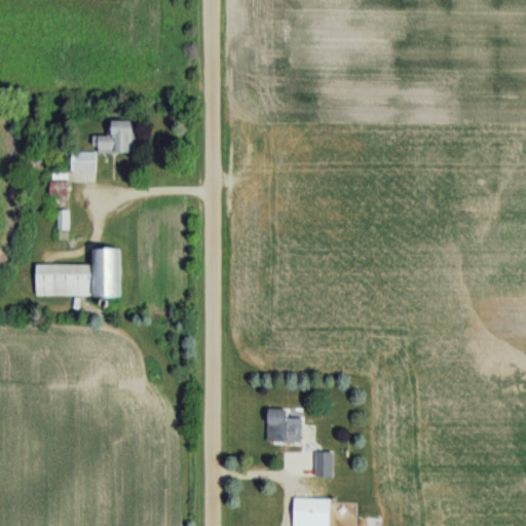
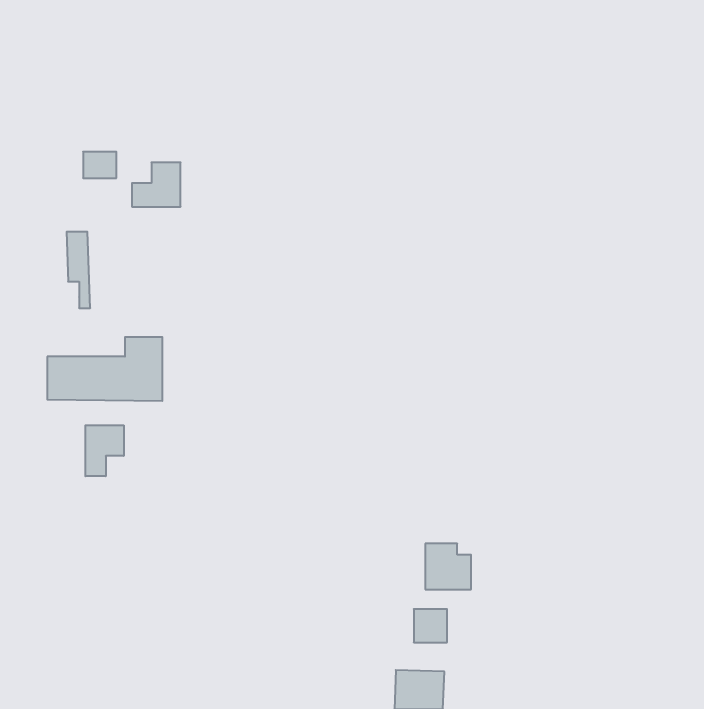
building: [69,151,93,171] -> [83,152,116,178]
building: none -> [85,425,124,476]
building: [267,408,301,442] -> [425,544,471,589]

